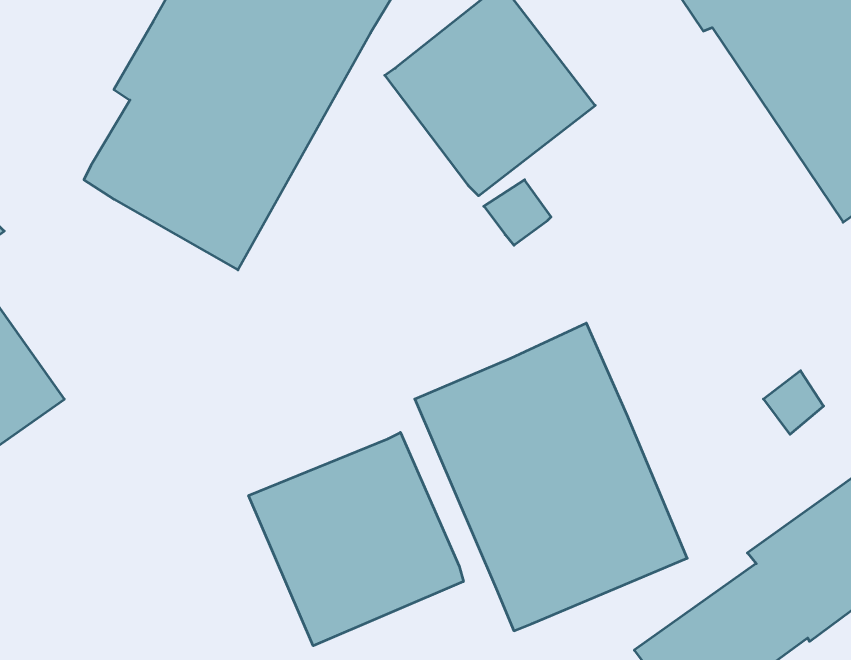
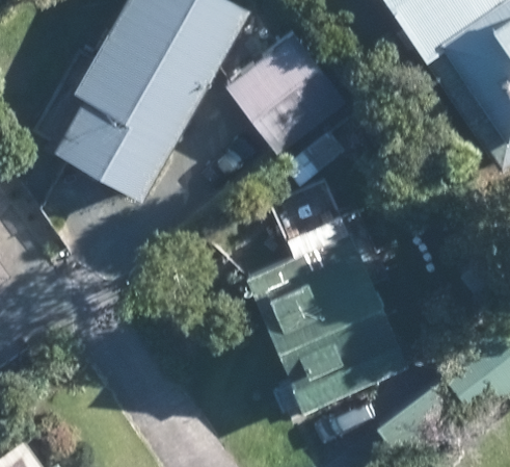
building: [249,432,463,646] -> none

